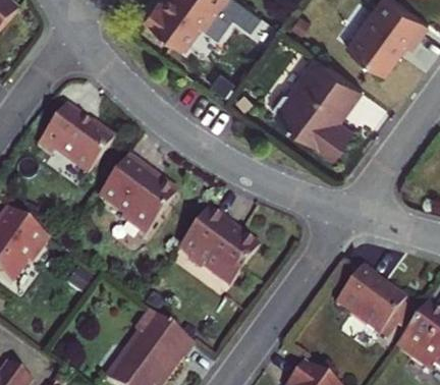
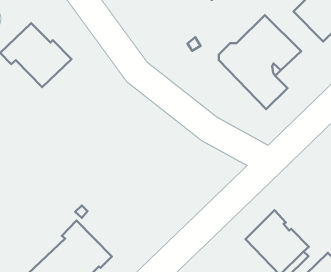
building: [99,154,176,235] -> none
building: [179,207,259,285] -> none

